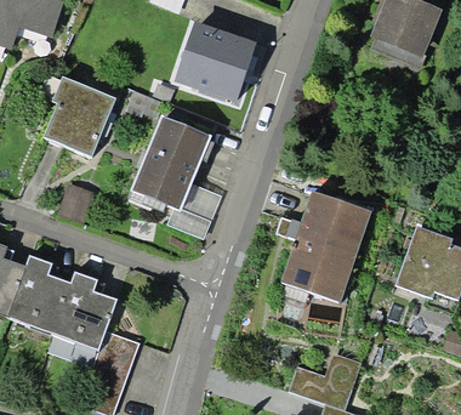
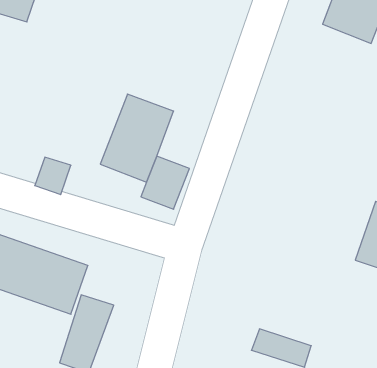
building: [175,25,251,98] -> none
building: [42,79,118,157] -> none
building: [281,191,366,297] -> none

